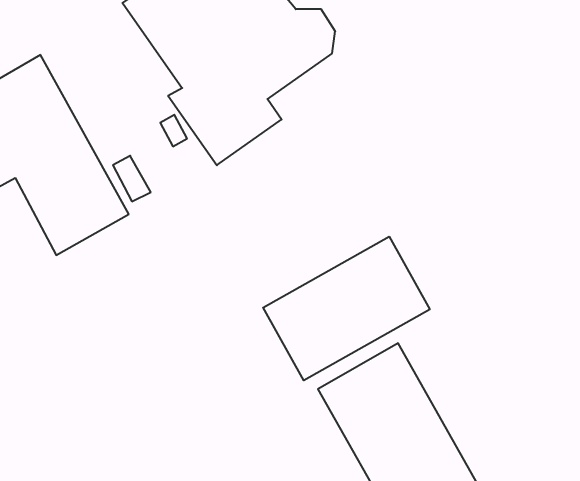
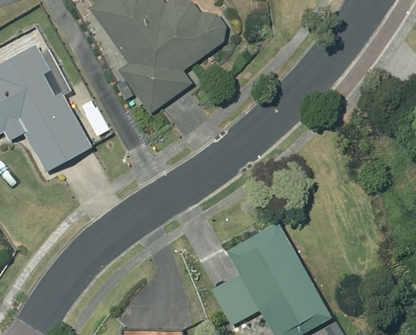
building: [263,237,430,380] -> none

